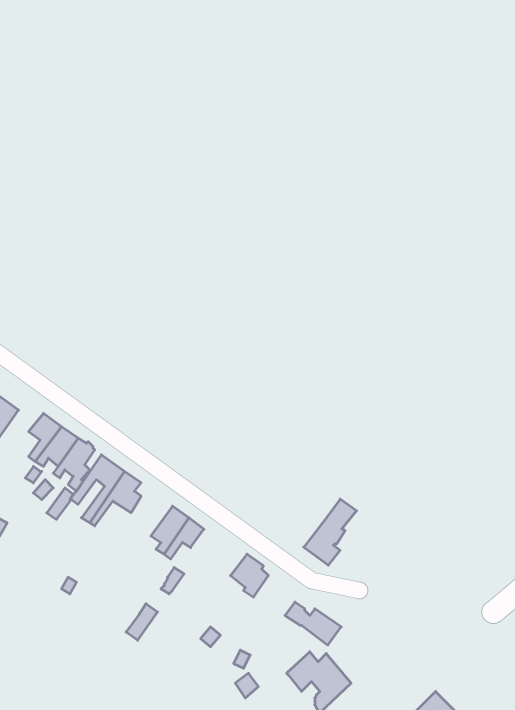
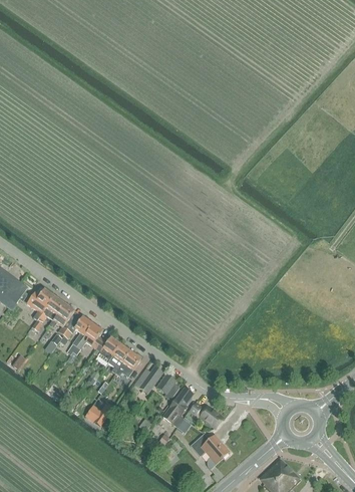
building: none -> [95,336,121,366]
building: [304,499,357,565] -> [162,387,195,427]
building: none -> [134,365,163,393]

